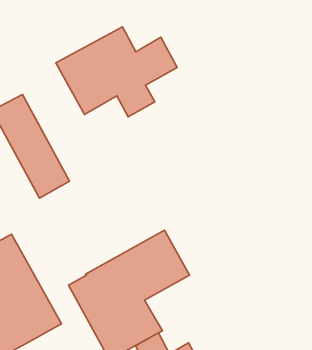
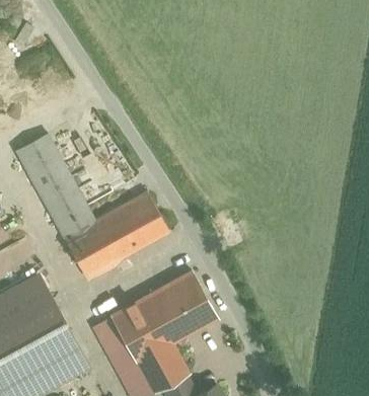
building: [56,27,177,117] -> none
building: none -> [65,192,169,279]

